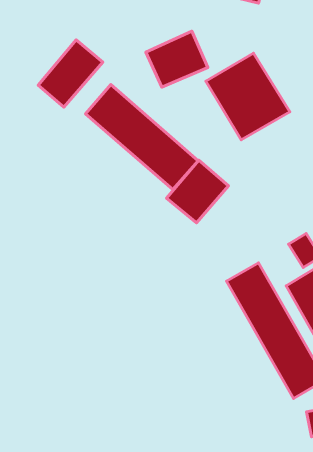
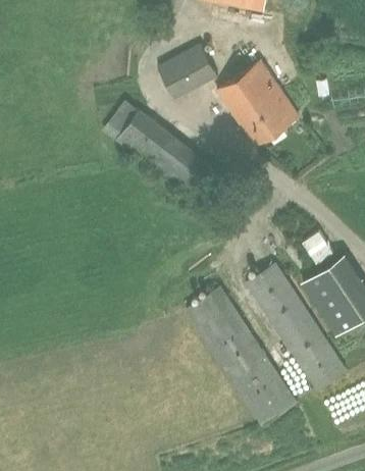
building: [38,40,103,107] -> none
building: [166,160,229,223] -> none
building: none -> [187,287,296,424]

